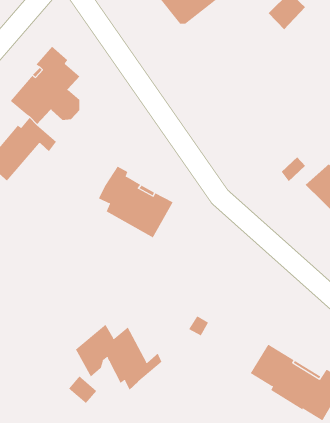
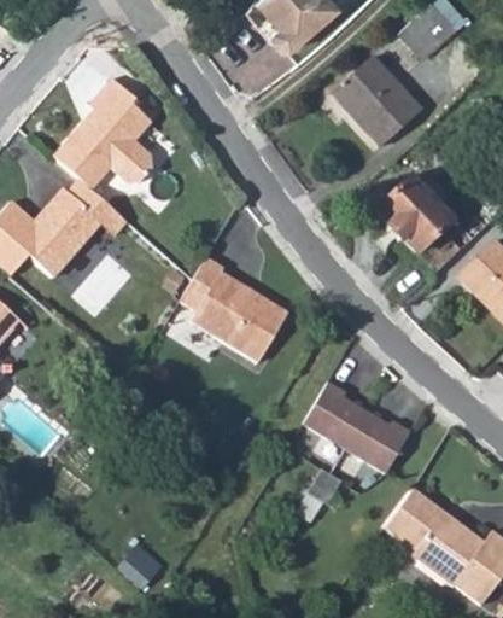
building: none -> [334,59,421,142]
building: none -> [382,174,460,251]
building: none -> [304,377,411,470]
building: [75,324,162,390] -> none

